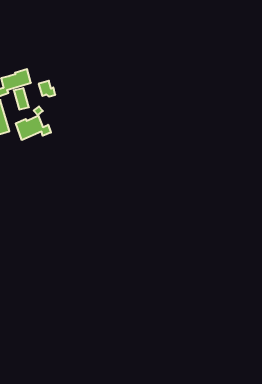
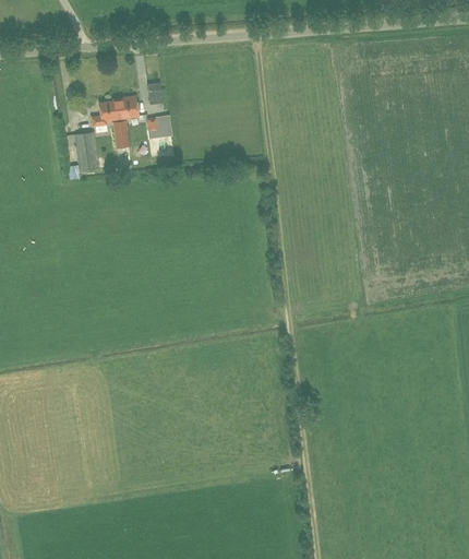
building: [16,115,51,140] -> none

